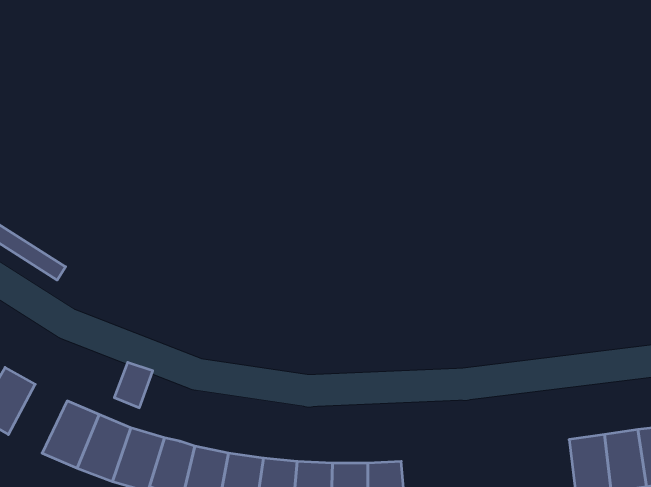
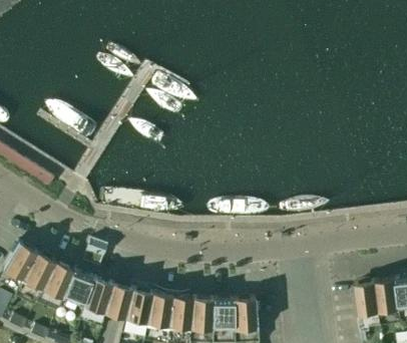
building: none -> [22,251,57,292]

